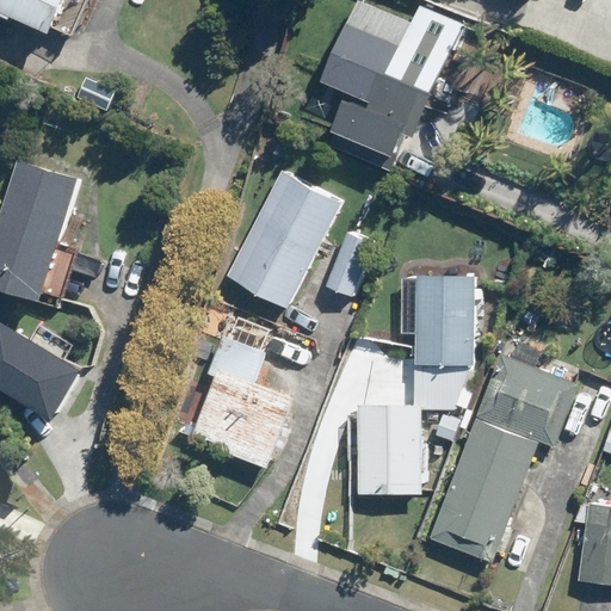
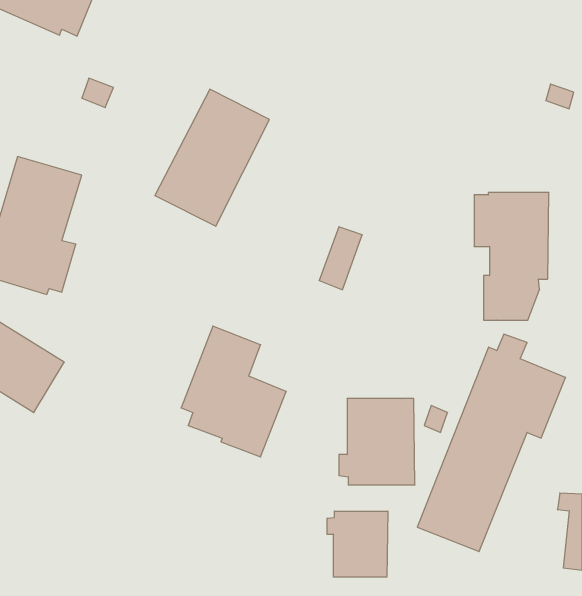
building: [323,5,458,167] -> none
building: [226,169,342,309] -> [155,89,269,226]
building: [400,277,476,407] -> [474,193,549,320]
building: none -> [327,511,388,577]

